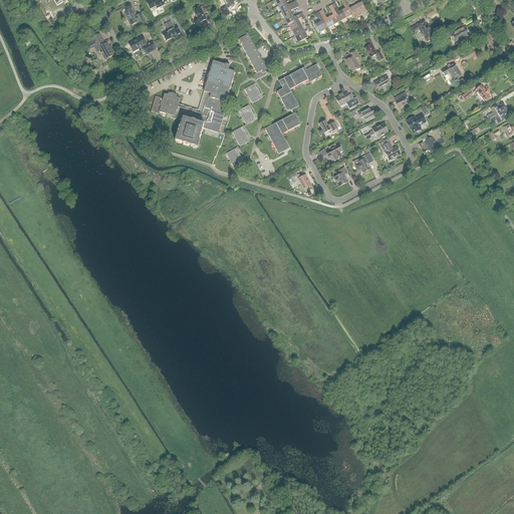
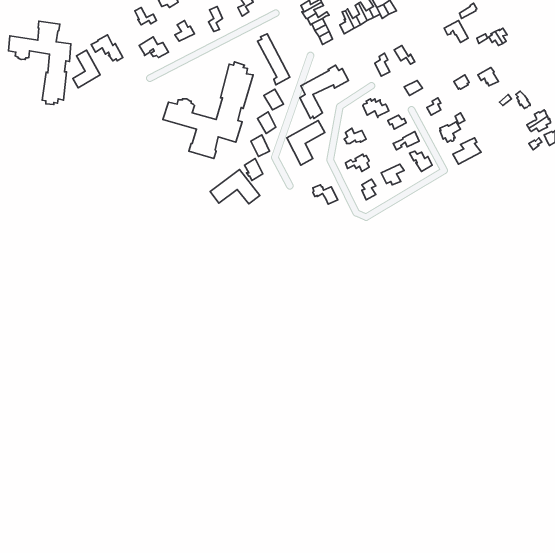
building: none -> [9,21,71,105]
building: none -> [73,50,100,88]
building: none -> [210,169,260,204]

